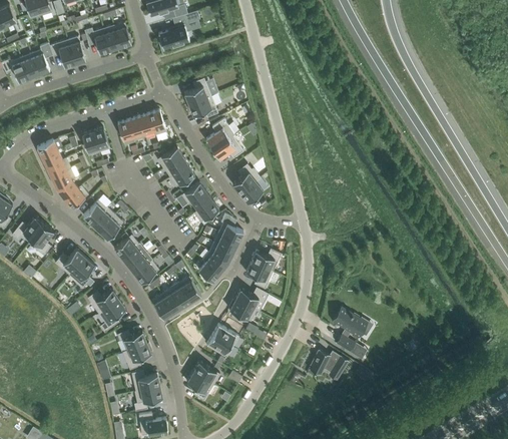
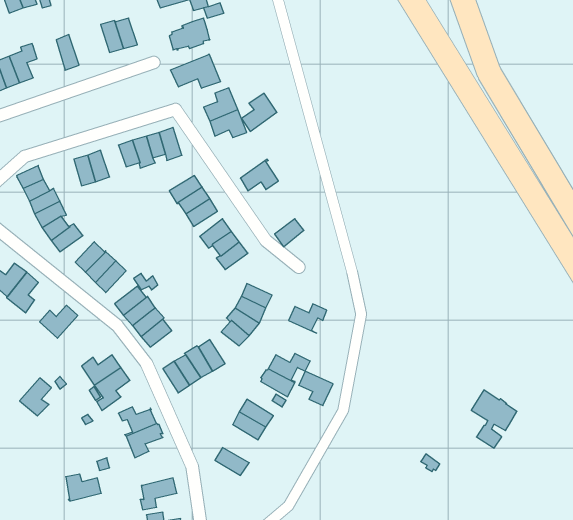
building: [84,27,110,54] -> none
building: [50,40,75,67] -> none
building: none -> [171,54,220,88]
building: [206,119,234,149] -> [241,93,277,131]
building: [232,163,261,193] -> none
building: [218,213,243,242] -> none
building: [69,258,94,288] -> [20,378,51,416]
building: [246,262,274,289] -> [299,371,333,406]
building: [332,306,368,352] -> [471,390,517,448]
building: [309,350,349,376] -> none
building: [132,371,160,392] -> [66,474,101,501]
building: [186,372,213,401] -> none

